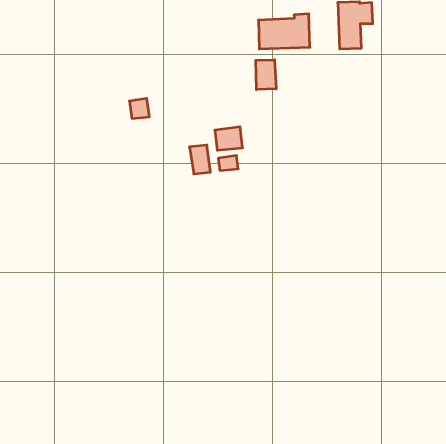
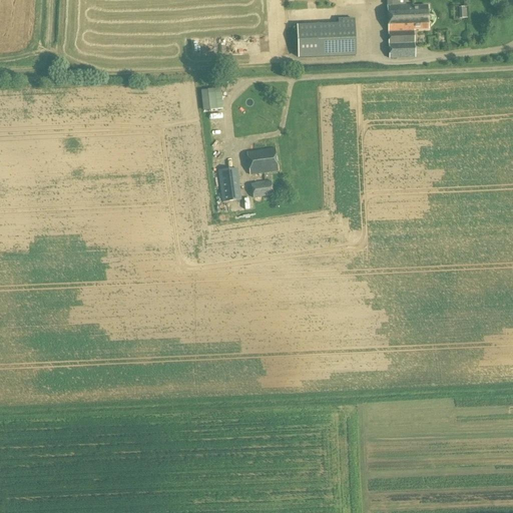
building: [256,60,276,90] -> none
building: [129,98,149,118] -> [200,85,223,108]

